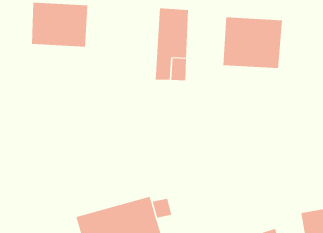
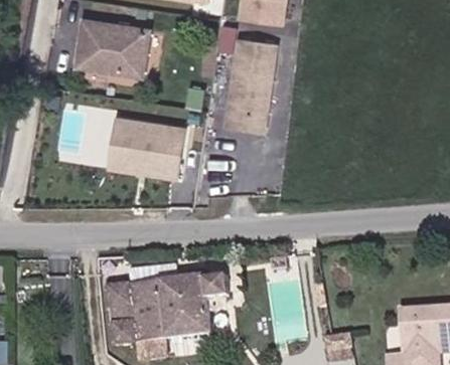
building: [223,17,282,69] -> none
building: none -> [107,115,181,174]

